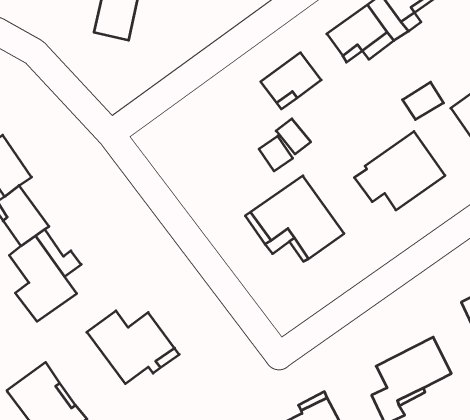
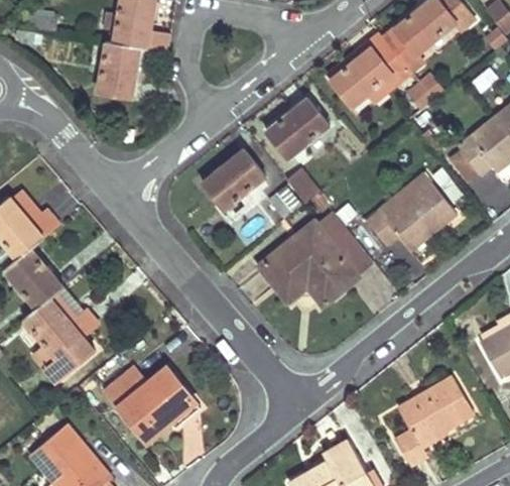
building: [402,82,444,120] -> [404,70,445,108]
building: none -> [203,149,264,208]
building: none -> [314,208,376,277]

